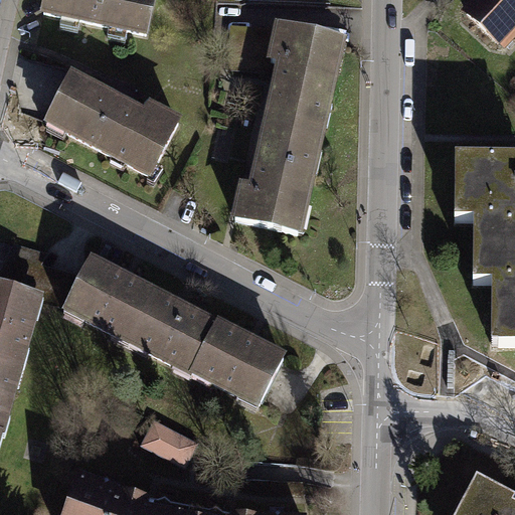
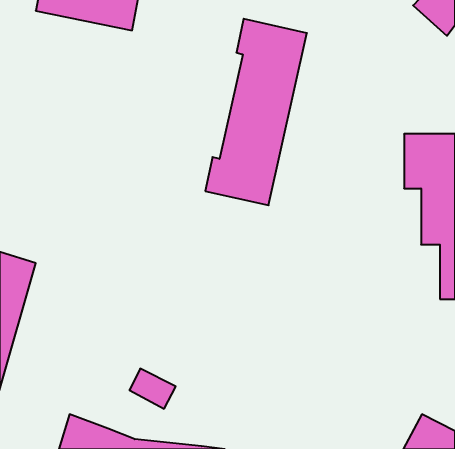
building: [42,69,182,177] -> none
building: [63,254,285,405] -> none

